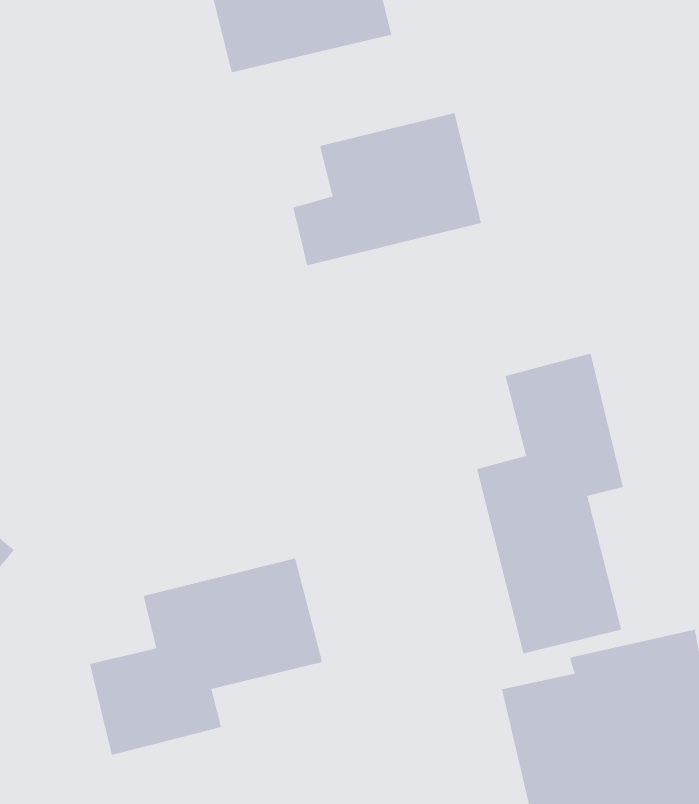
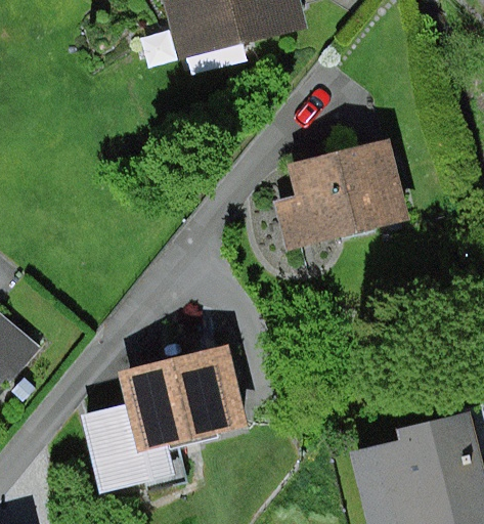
building: [292,113,482,266] -> [278,151,401,251]
building: [477,353,624,654] -> none

